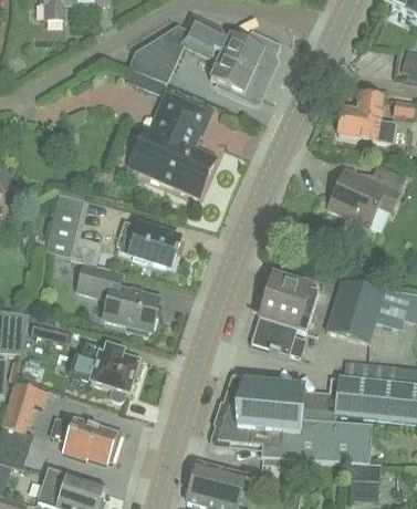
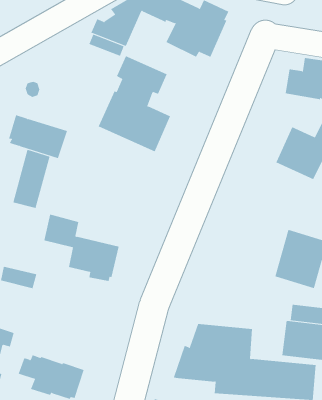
building: [116,220,180,268] -> [8,115,68,159]
building: [251,274,319,357] -> none
building: [69,343,143,394] -> none

